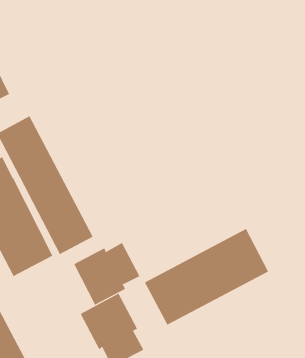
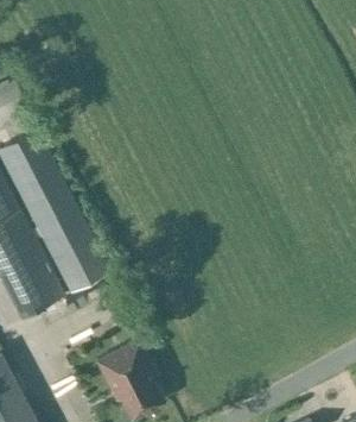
building: [144,228,269,326] -> none
building: [73,242,140,305] -> none

